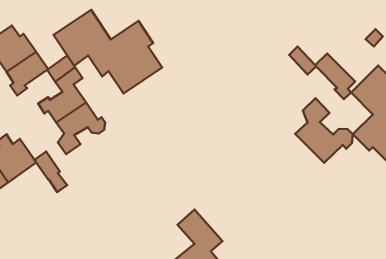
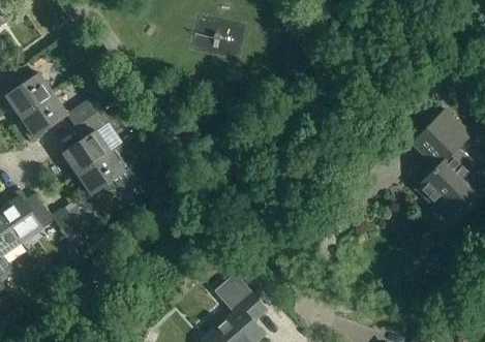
building: [54,10,162,93] -> none
building: [289,47,355,99] -> none
building: [295,98,353,163] -> none

